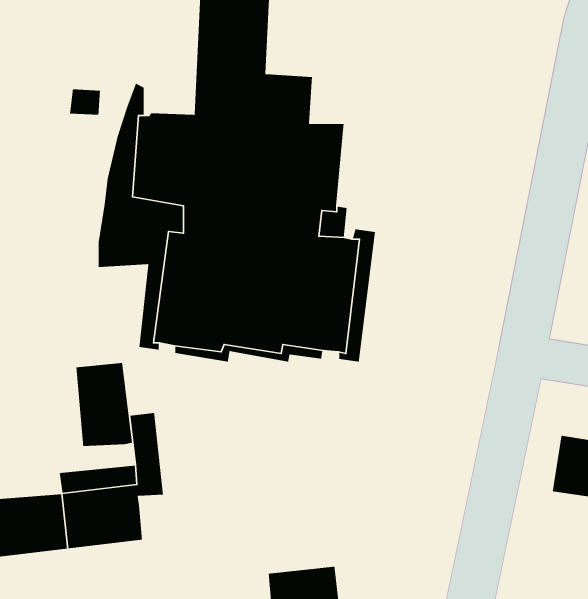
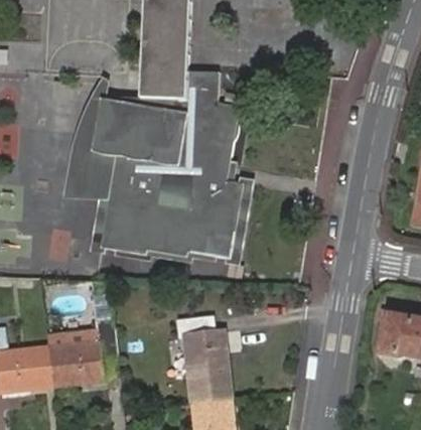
building: [75,362,133,447] -> none
building: none -> [169,314,234,403]

